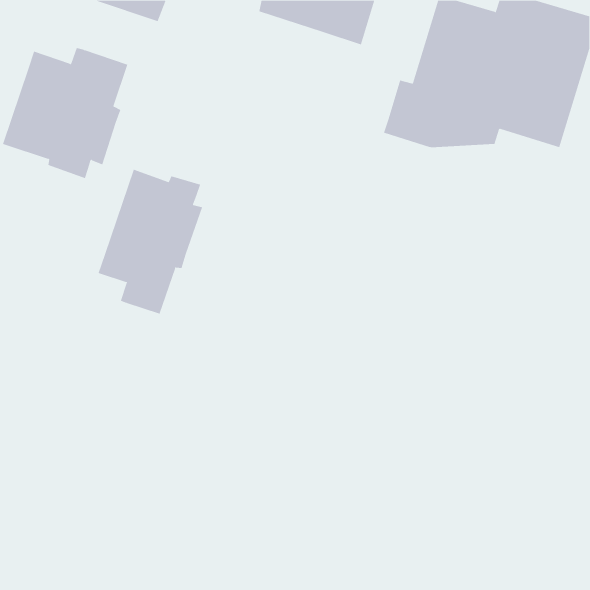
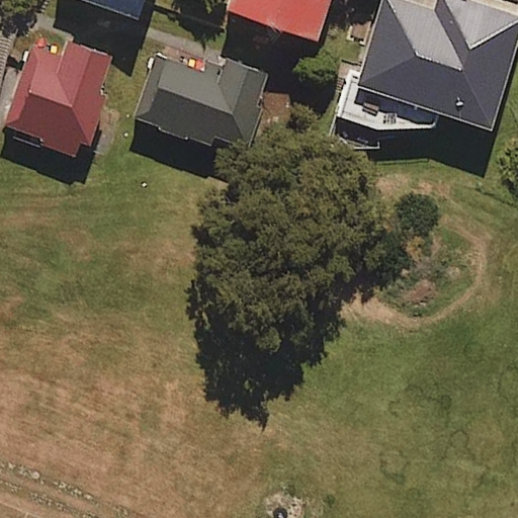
building: none -> [132,55,268,150]
building: [98,169,203,315] -> none

